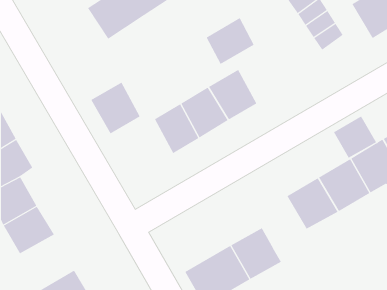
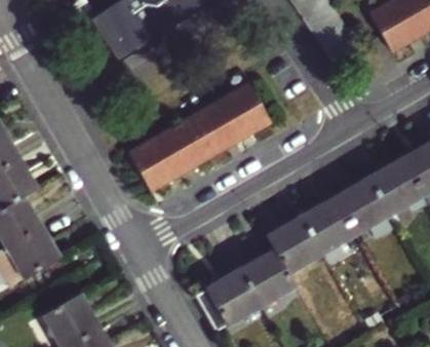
building: [206,17,255,65] -> none
building: [91,82,141,134] -> [129,138,182,192]
building: [333,115,377,159] -> none
building: none -> [268,218,321,272]

